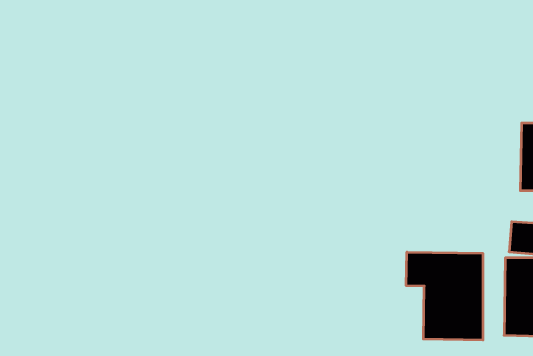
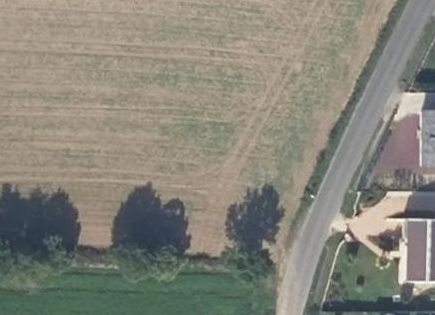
building: [406,252,483,340] -> none

